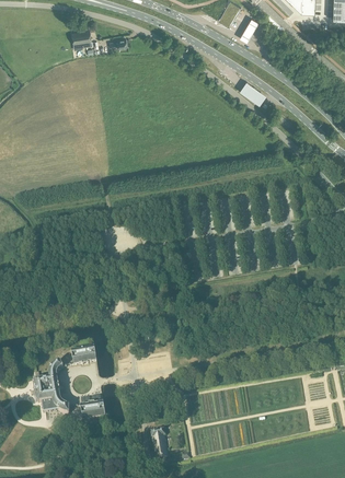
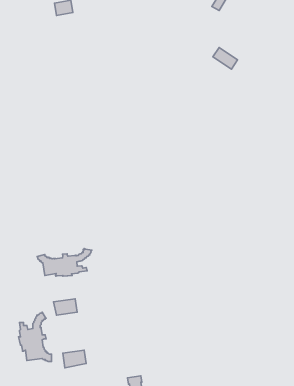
building: none -> [37,249,92,276]

